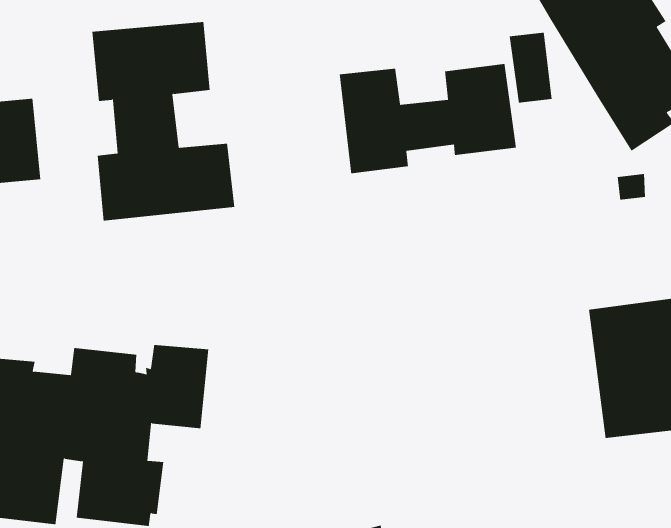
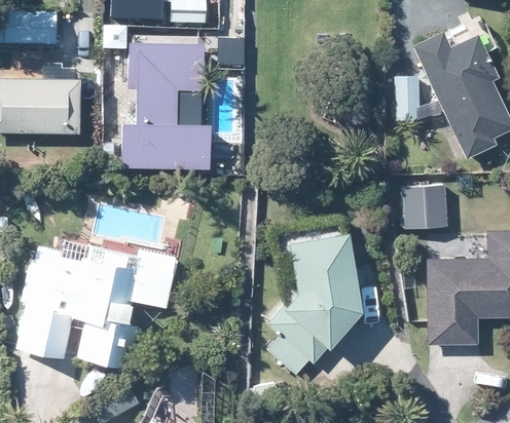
building: [339,63,516,174] -> none
building: none -> [403,187,446,228]
building: none -> [268,233,363,374]

